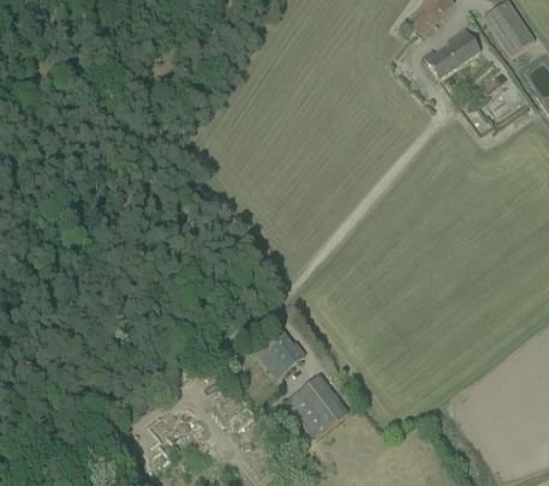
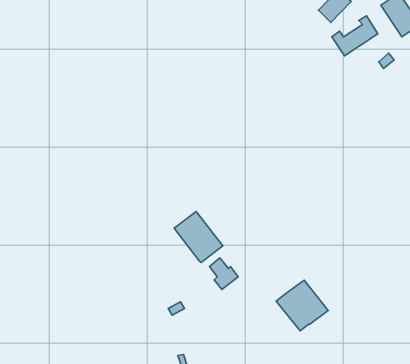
building: none -> [174,211,223,263]
building: [285,374,350,438] -> [276,280,328,331]

